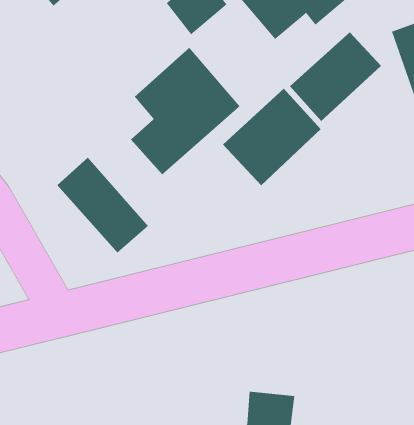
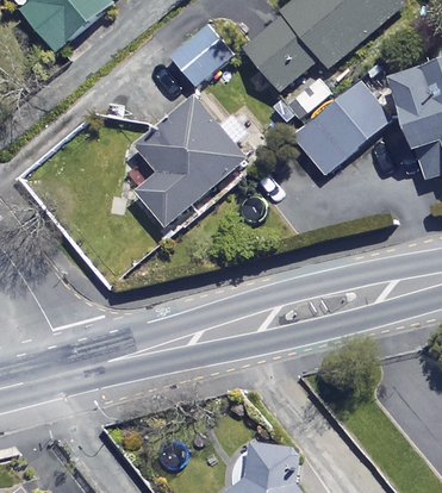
building: [222,88,322,186] -> none
building: [57,157,149,253] -> none

